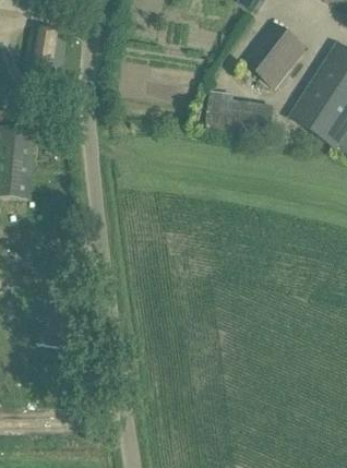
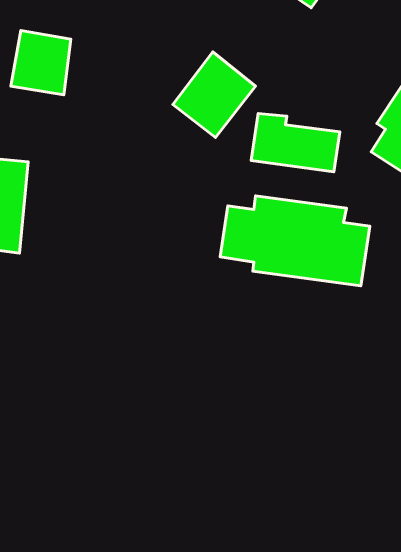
building: [239,20,302,85] -> [173,52,256,137]
building: none -> [220,196,370,286]

